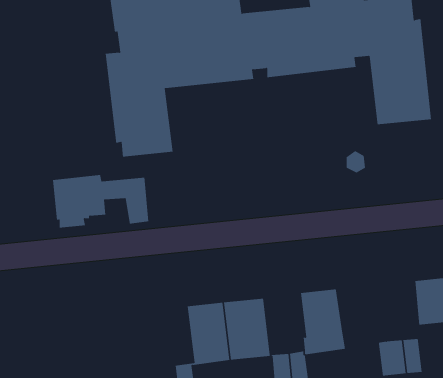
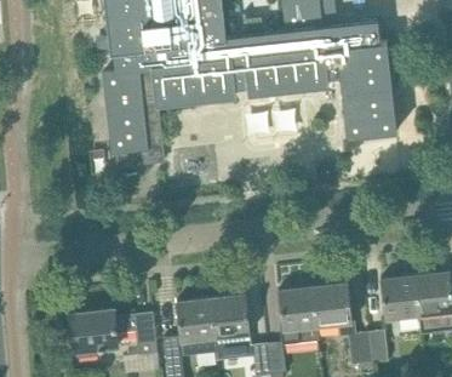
building: [52,174,149,228] -> [69,310,156,359]
building: none -> [310,282,355,337]

